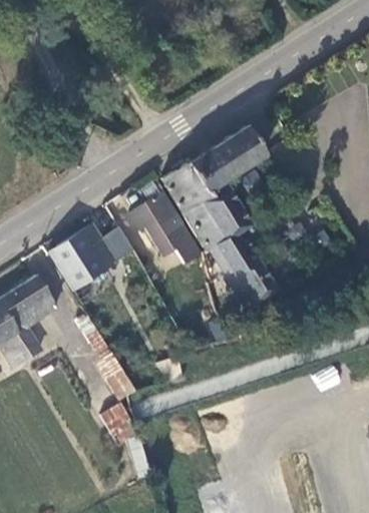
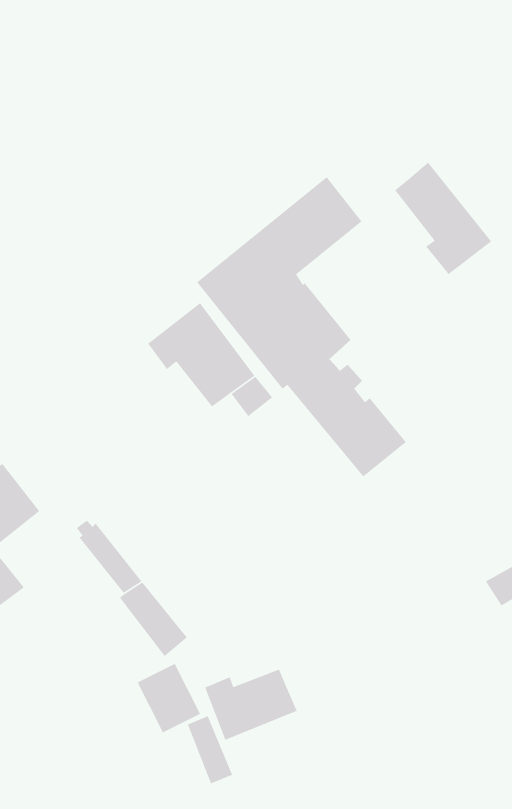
building: none -> [394,162,492,275]
building: [50,223,133,289] -> none
building: none -> [204,668,298,741]

